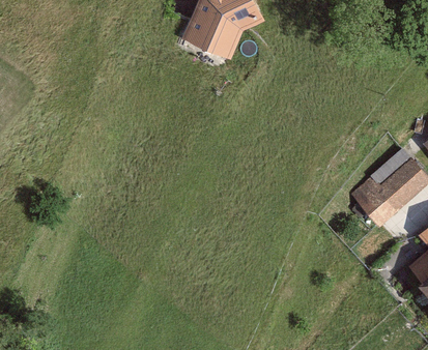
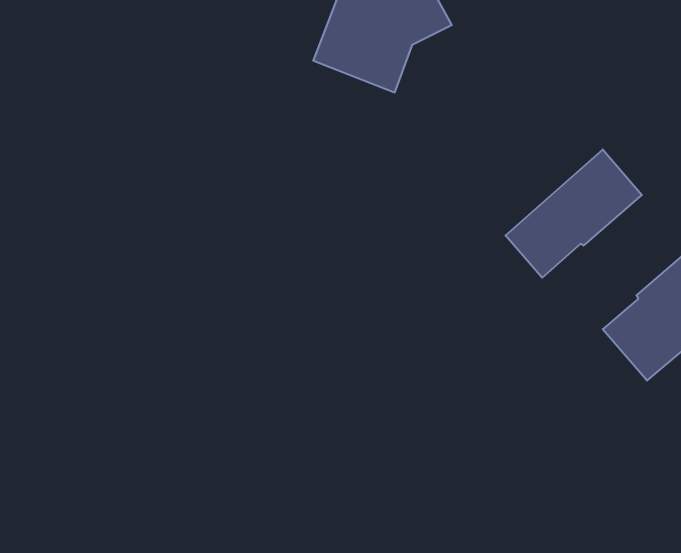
building: none -> [505,149,642,278]

